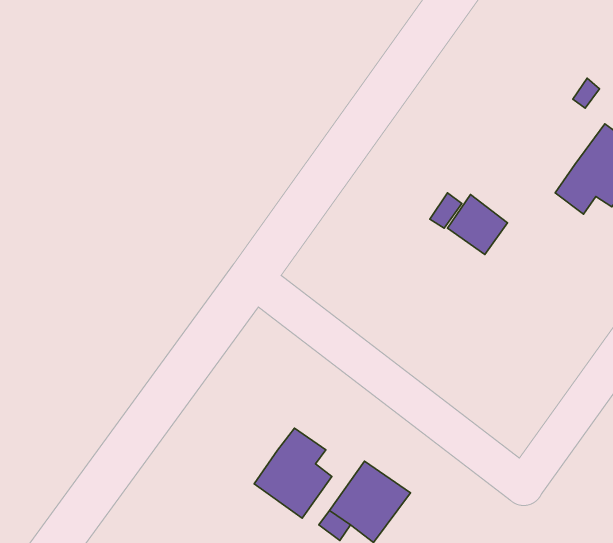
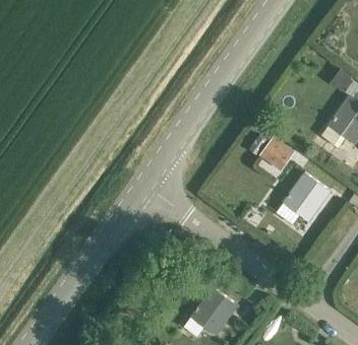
building: none -> [276,172,329,224]
building: [254,428,332,518] -> none

